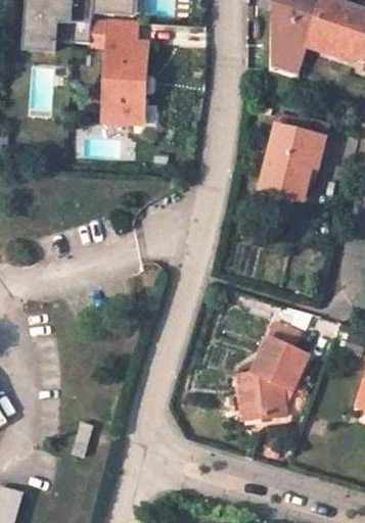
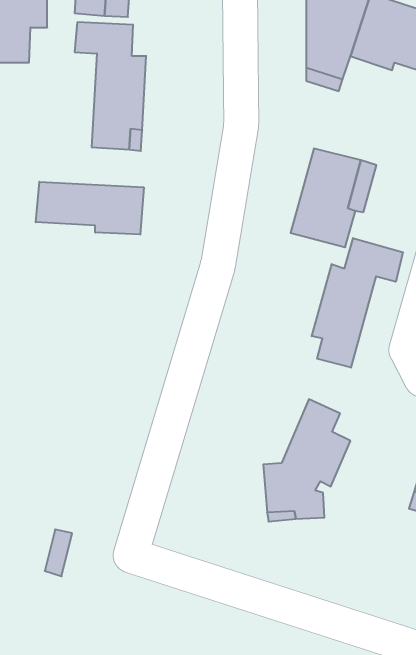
building: none -> [36,182,144,235]
building: none -> [312,238,403,368]

